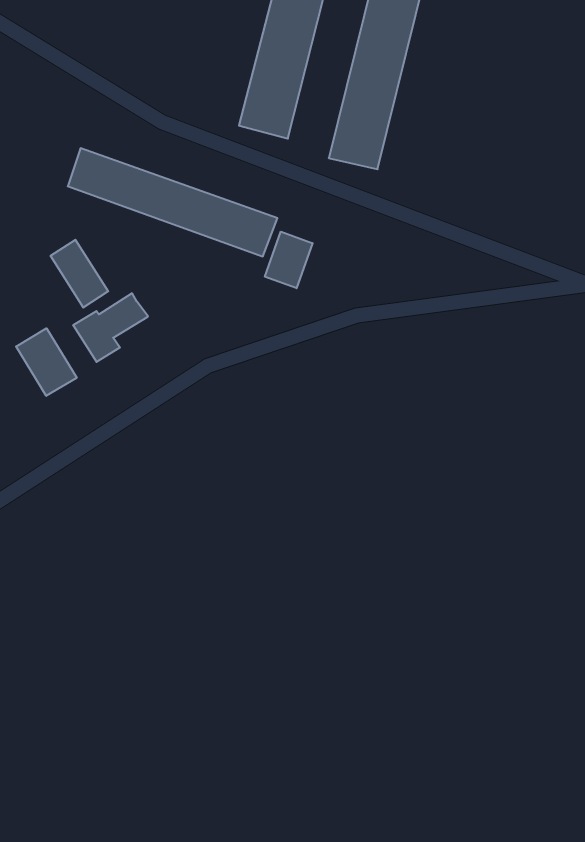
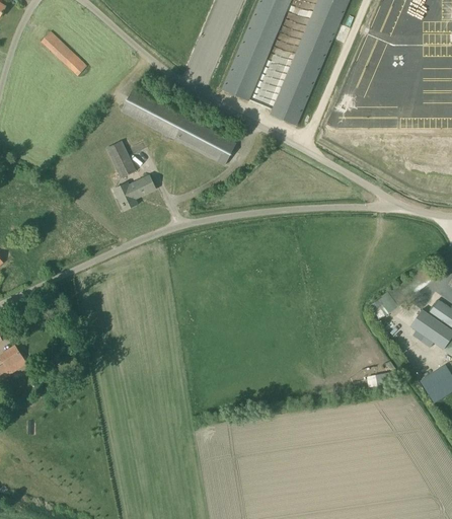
building: [265,232,313,288] -> none
building: [16,328,77,396] -> none

